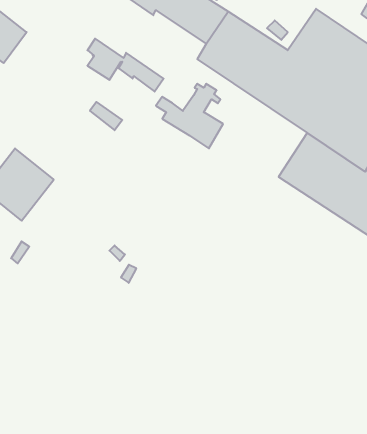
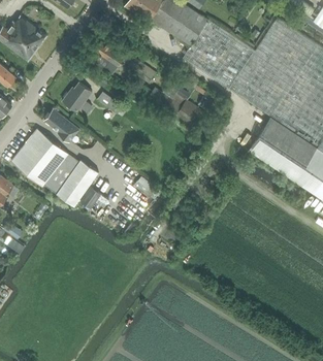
building: none -> [62,83,92,112]
building: none -> [44,109,78,141]
building: none -> [57,160,100,207]

